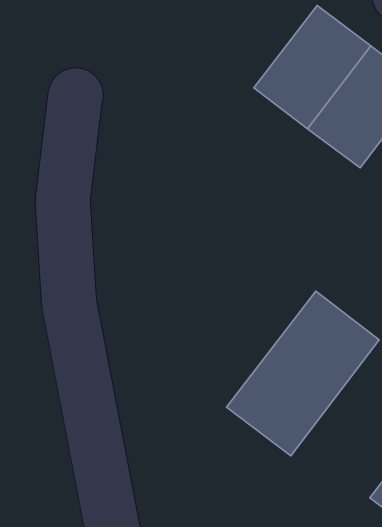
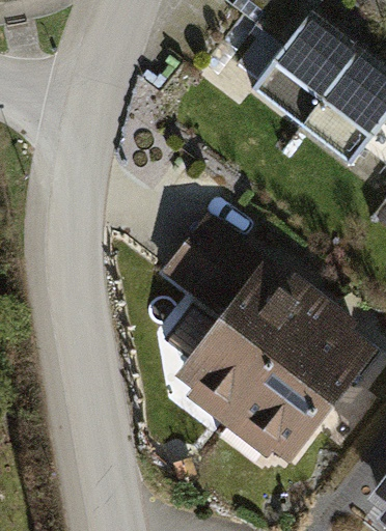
building: none -> [169,222,315,408]

